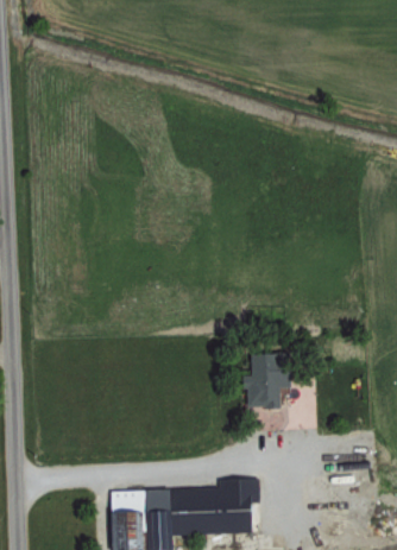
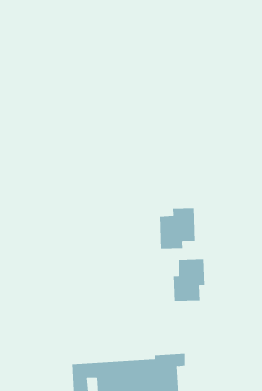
building: none -> [160,208,195,249]

